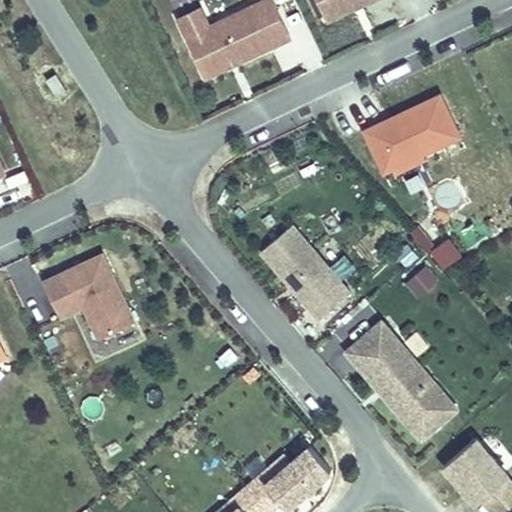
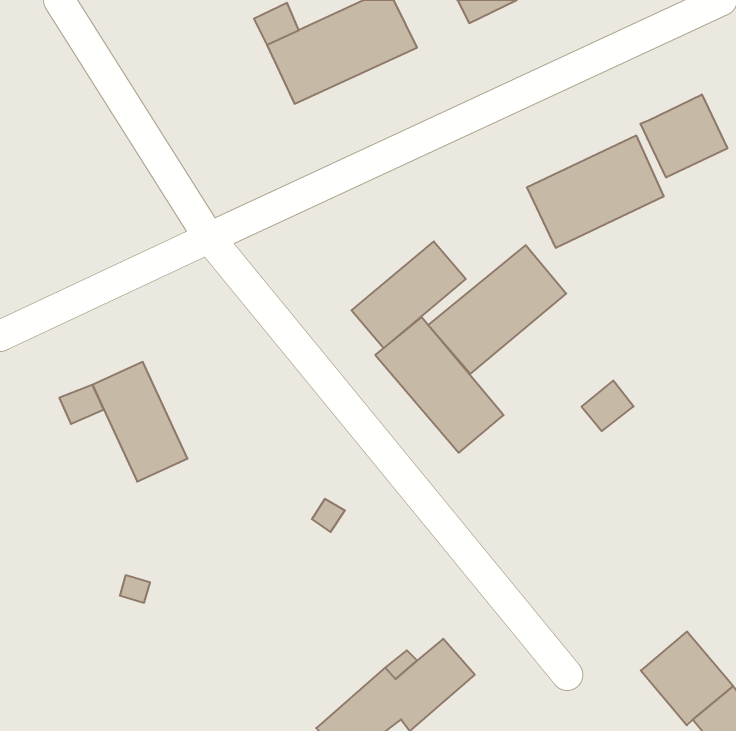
building: none -> [640,94,727,178]
building: none -> [351,241,466,348]
building: none -> [428,245,566,374]
building: [347,322,456,438] -> none

